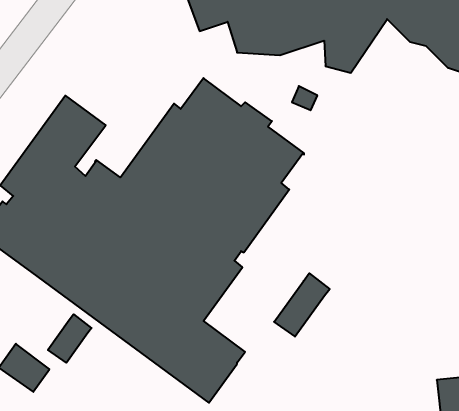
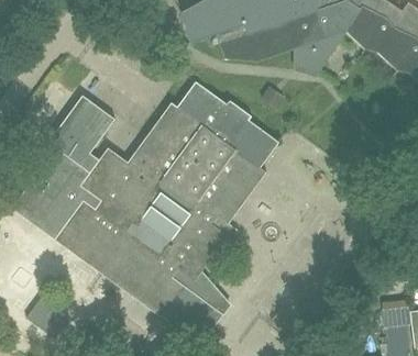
building: [274,273,330,337] -> none
building: [48,314,92,363] -> none

